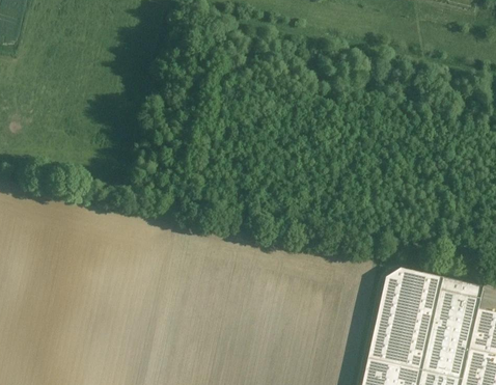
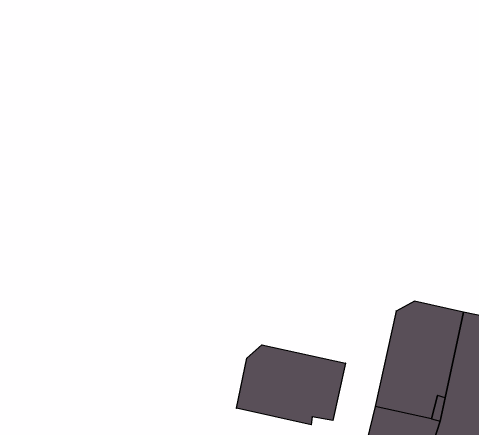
building: none -> [236,345,345,425]

